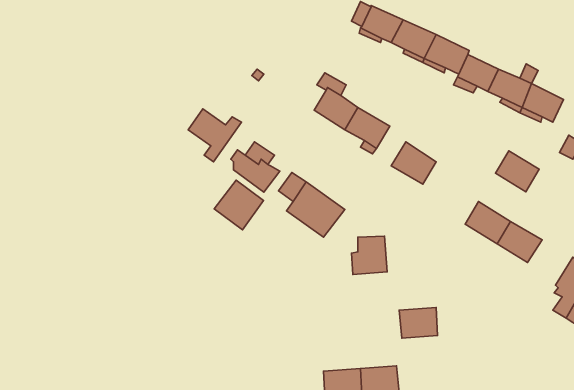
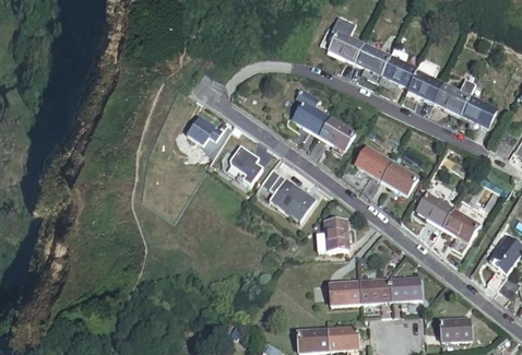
building: [496,151,539,192] -> [379,158,415,192]
building: [214,180,264,230] -> none
building: none -> [390,277,422,301]
building: none -> [330,281,361,306]
building: none -> [440,318,472,341]

